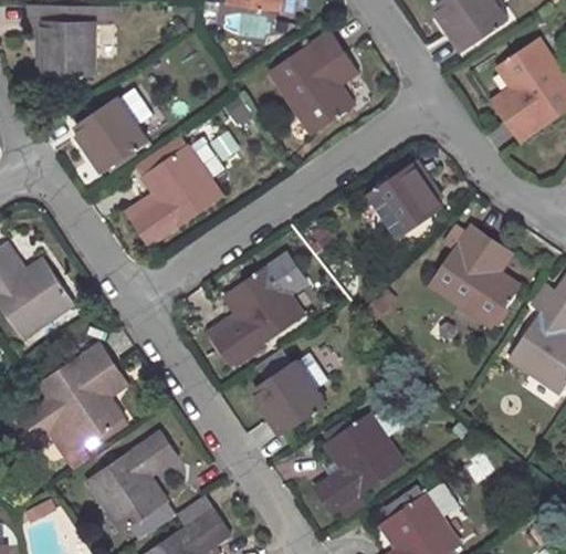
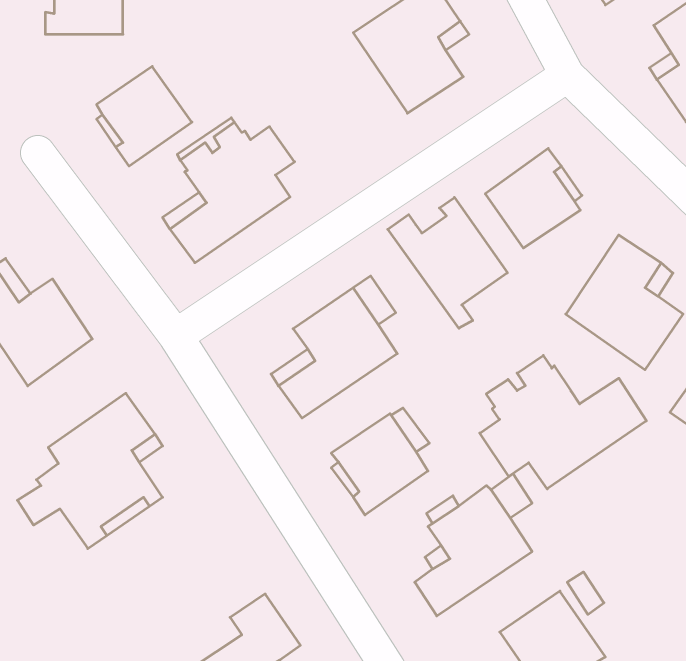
building: none -> [388,197,507,328]
building: none -> [480,355,646,489]
building: [87,433,177,532] -> none

